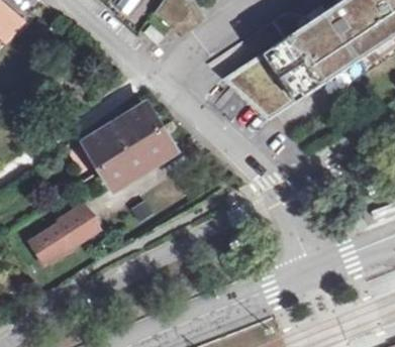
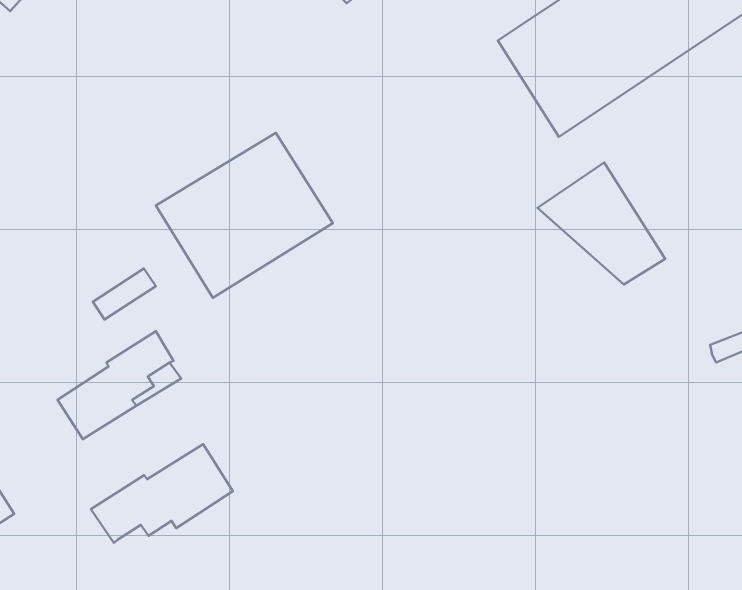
building: [224,55,290,118] -> [537,163,665,284]
building: none -> [91,444,233,543]

